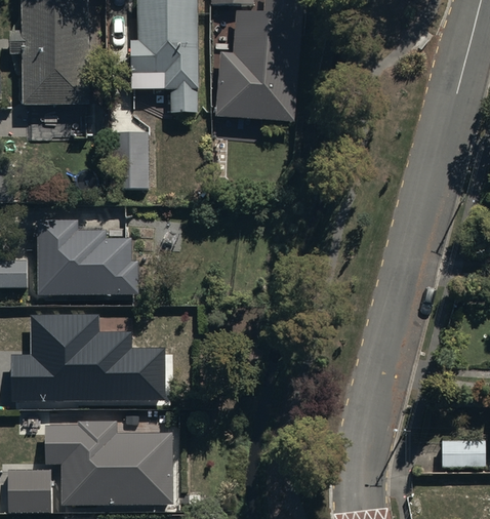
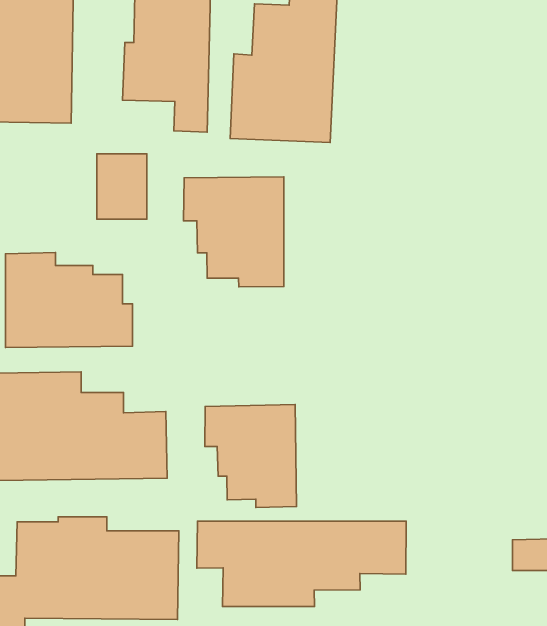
building: none -> [183,177,284,287]
building: none -> [205,404,297,508]
building: none -> [197,521,406,607]

